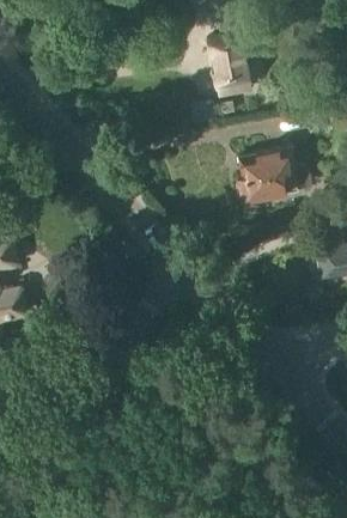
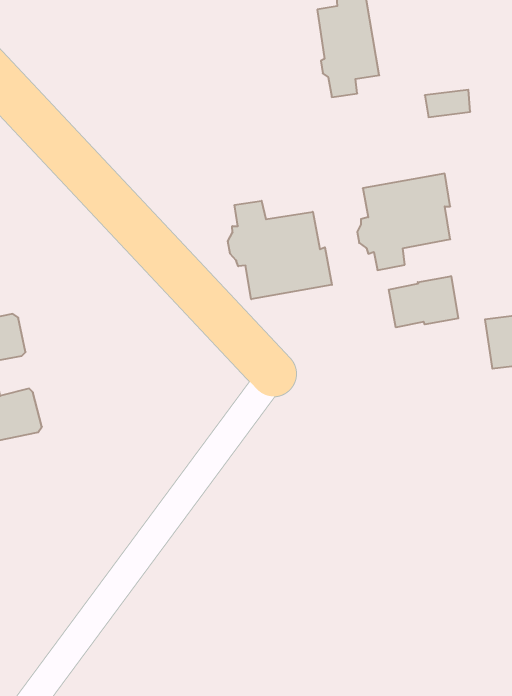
building: none -> [228,201,332,299]
building: none -> [389,276,458,327]

